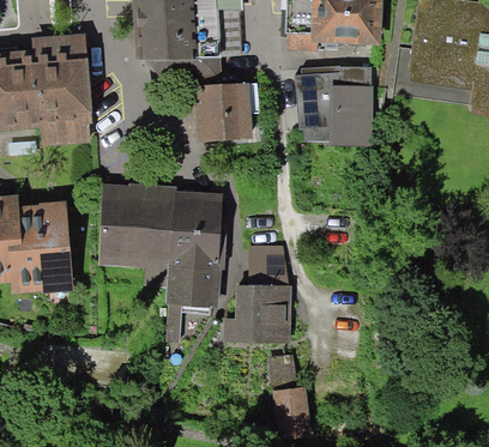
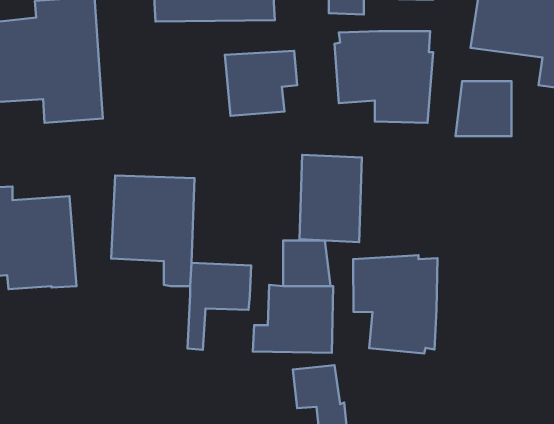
building: none -> [455,81,512,136]
building: [169,193,223,268] -> [299,155,362,242]
building: none -> [353,255,438,353]

